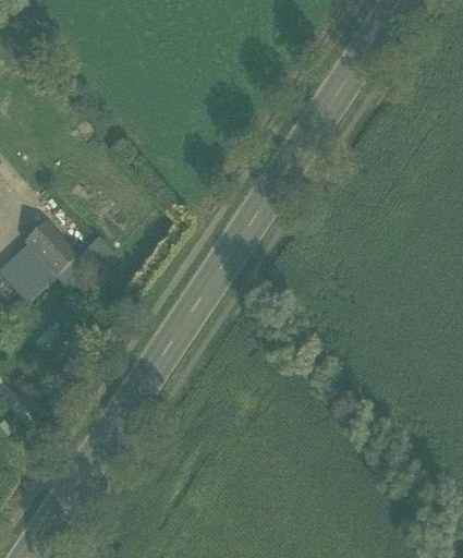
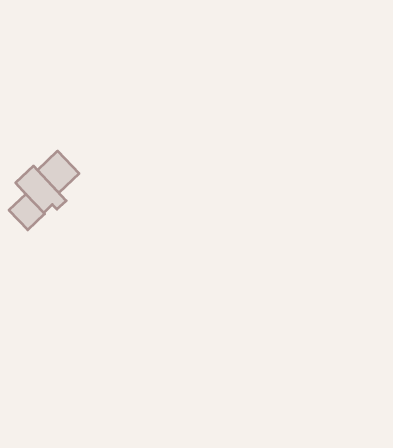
building: none -> [37,151,79,193]

